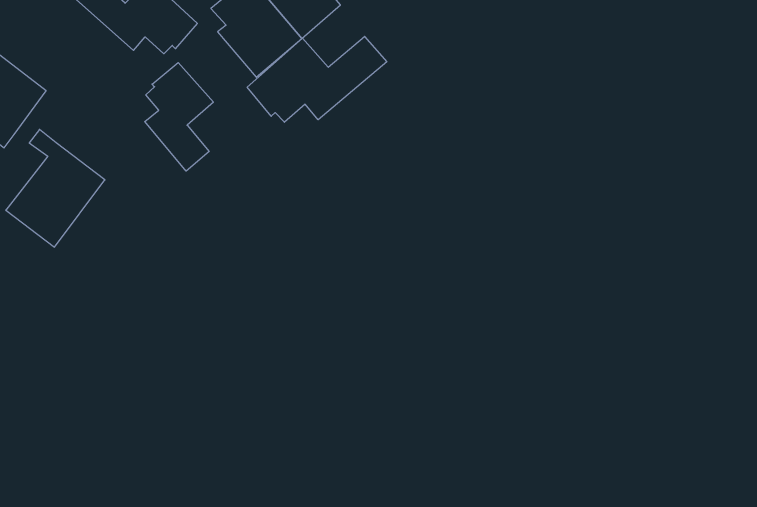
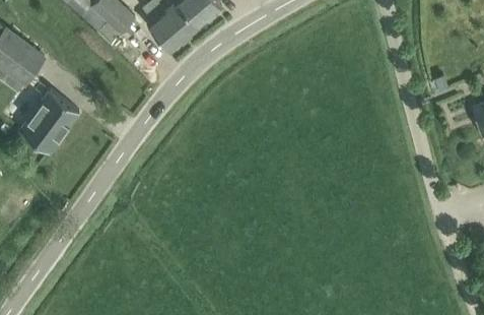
building: [247,36,387,122] -> none
building: [145,63,213,171] -> none

